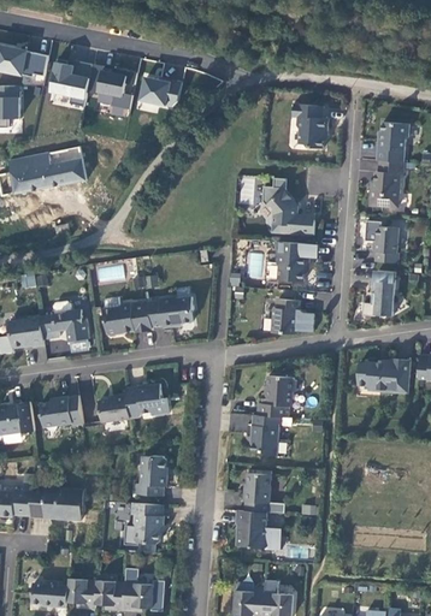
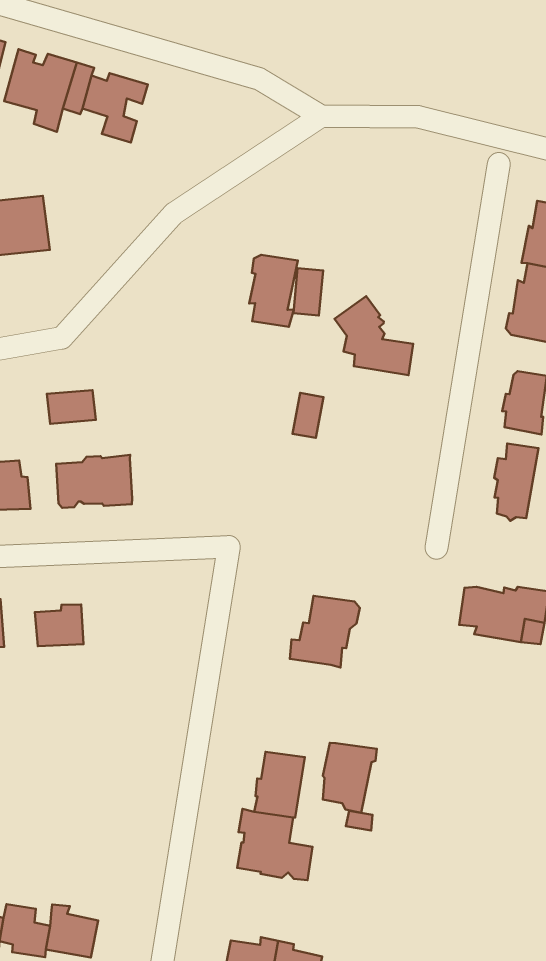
building: [142,77,183,106] -> none
building: [291,105,327,149] -> none
building: none -> [249,255,298,327]
building: [273,243,309,283] -> none
building: [148,296,194,327] -> none
building: [271,300,300,336] -> none
building: [126,383,170,417] -> none
building: [250,415,282,456] -> [323,743,377,813]
building: [132,455,166,496] -> none
building: [131,503,165,543] -> none

